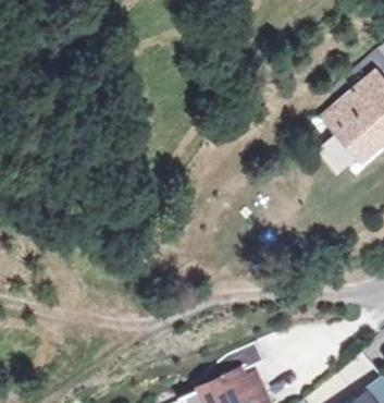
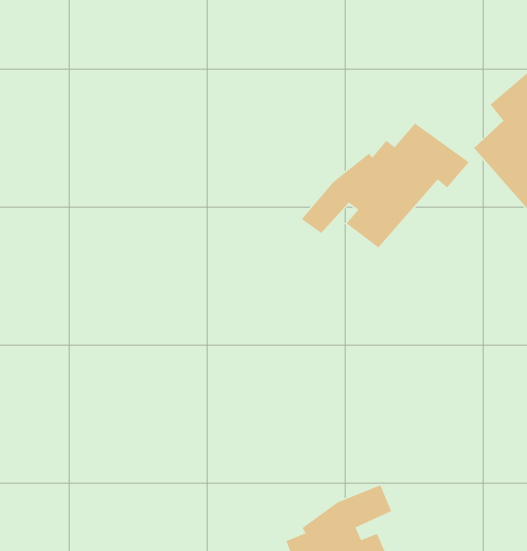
building: none -> [301,122,470,249]

